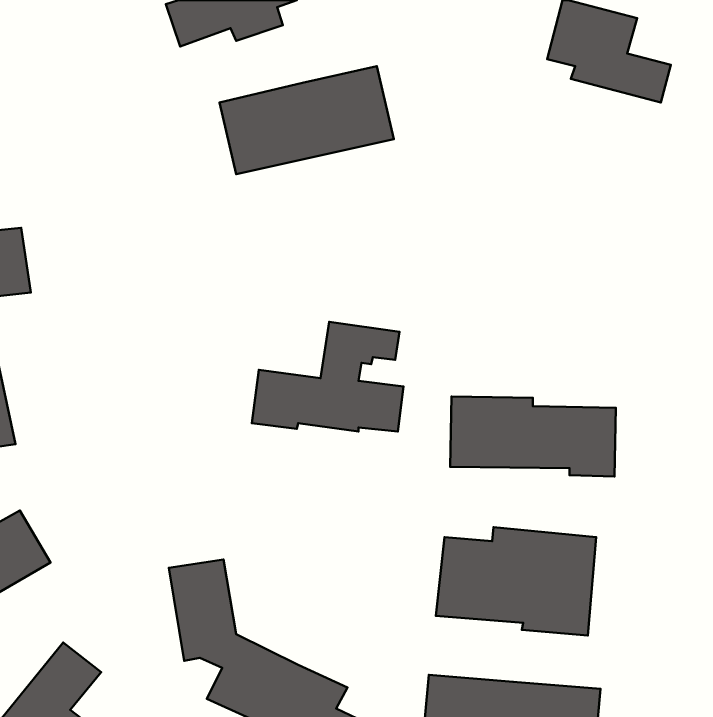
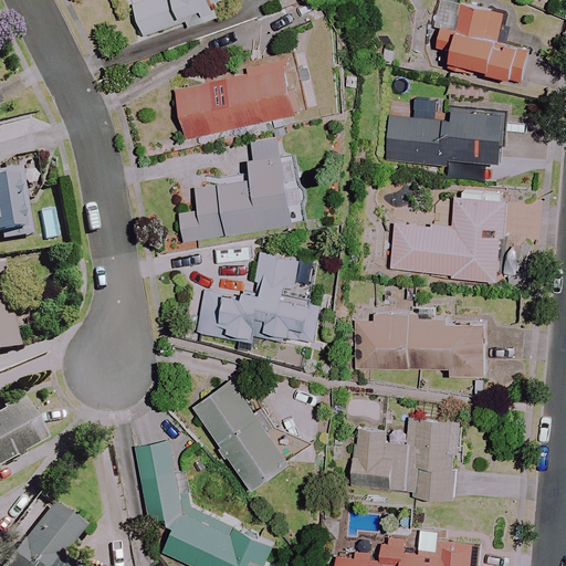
building: none -> [381,107,503,164]
building: none -> [179,138,300,241]
building: none -> [390,190,505,280]
building: none -> [192,382,305,491]

